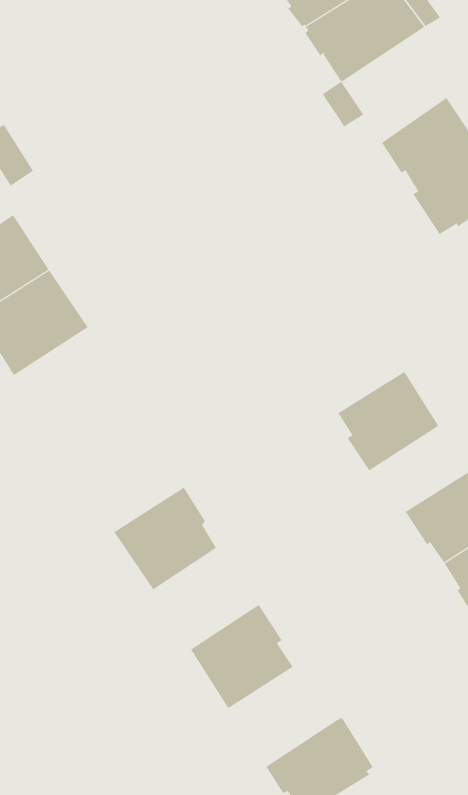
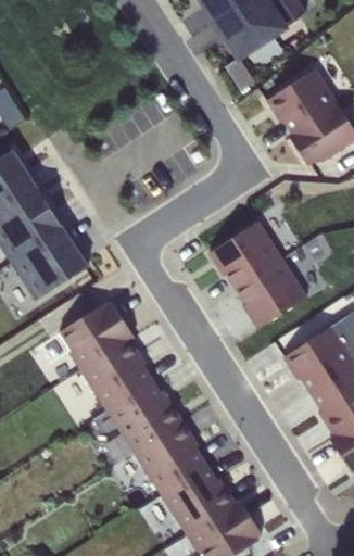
building: none -> [208,220,282,288]
building: none -> [11,228,87,301]
building: none -> [59,301,134,370]
building: none -> [108,381,181,452]
building: none -> [160,464,233,533]

